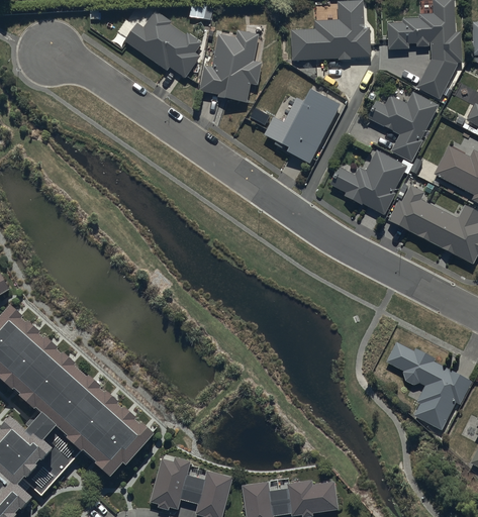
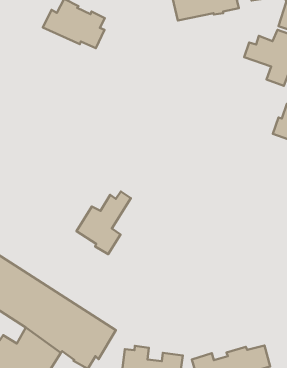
building: [198,31,260,103] -> none
building: [263,92,339,166] -> none
building: [329,151,406,215] -> none
building: none -> [76,191,131,254]

